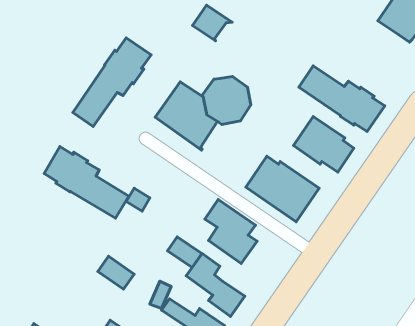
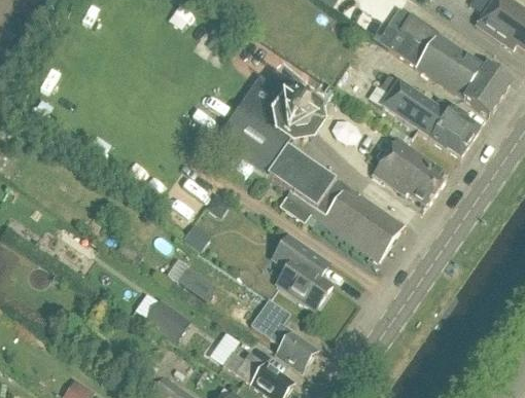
building: [192,5,232,41] -> [243,75,289,116]
building: none -> [373,12,512,115]
building: [73,38,151,127] -> none
building: none -> [267,145,344,221]
building: [44,146,129,218] -> none
building: [167,237,202,268] -> [176,263,216,299]

